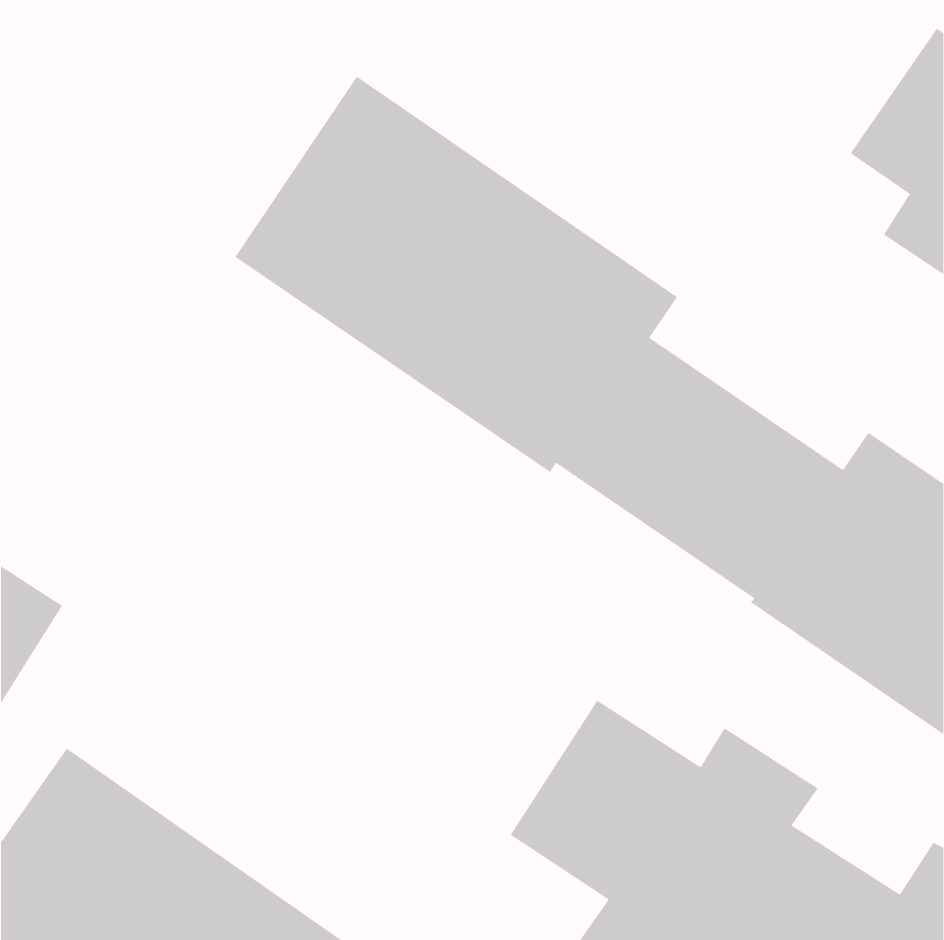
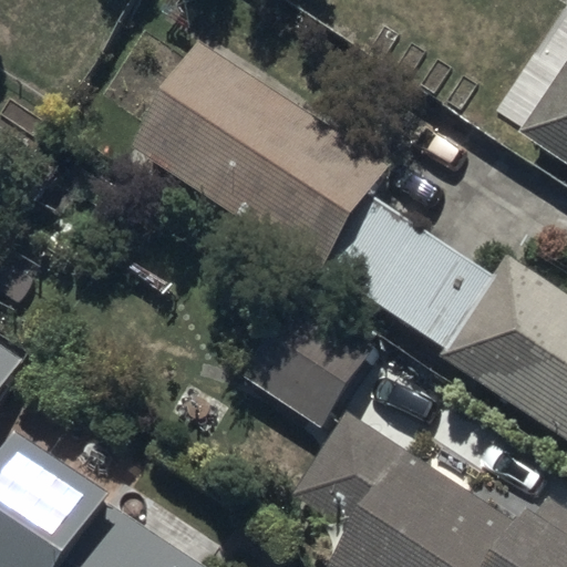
building: none -> [252,301,383,435]

